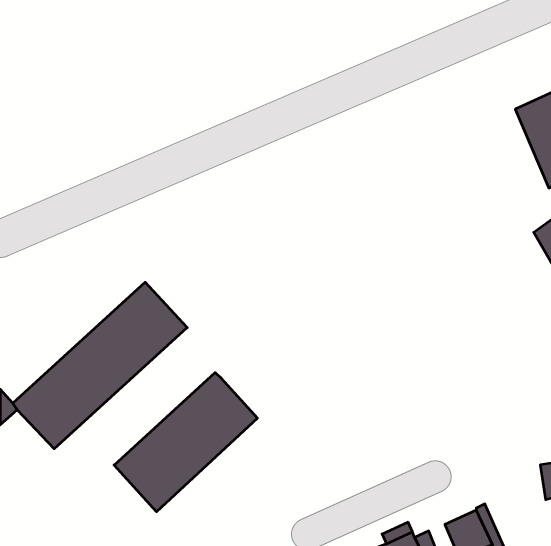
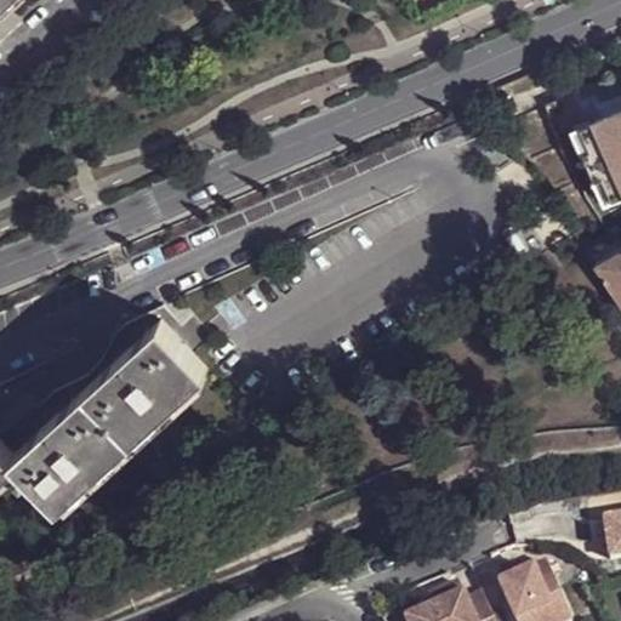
building: [114,373,257,512] -> none

